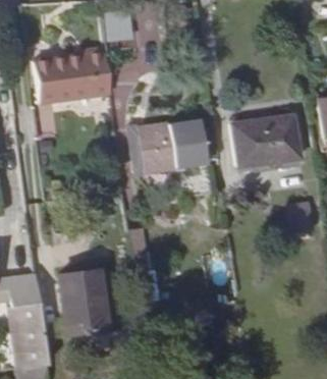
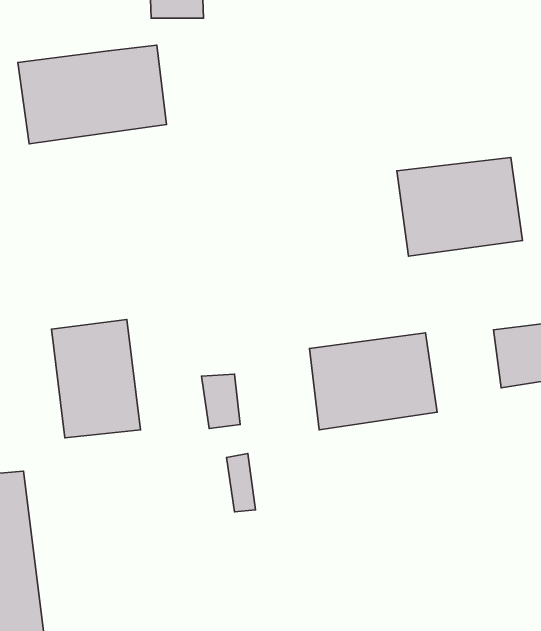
building: [140,118,207,169] -> [310,333,437,430]
building: [62,269,109,331] -> [51,320,140,438]

